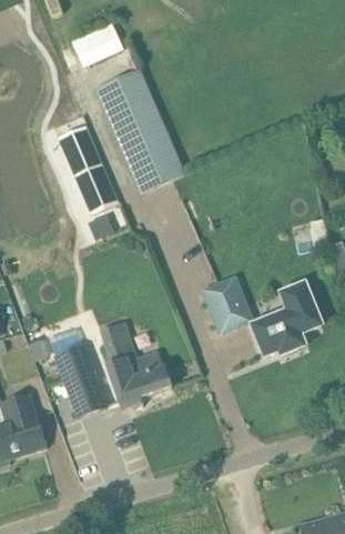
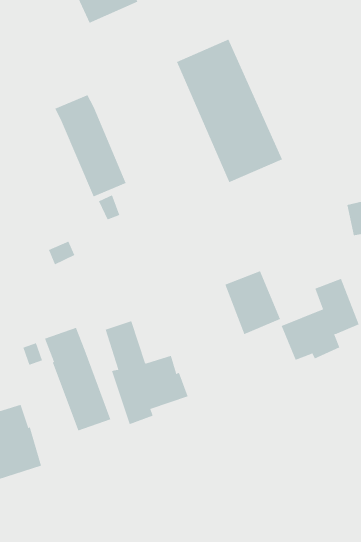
building: [93,69,185,193] -> [176,39,283,183]

